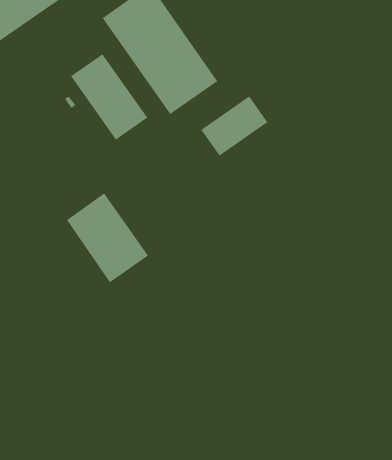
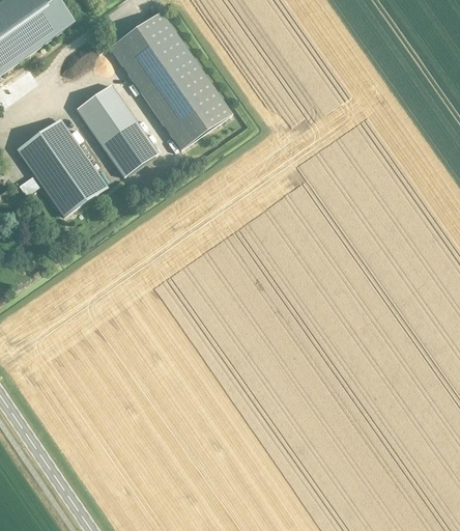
building: [201,96,268,156] -> none
building: [66,192,149,283] -> [19,120,106,216]

